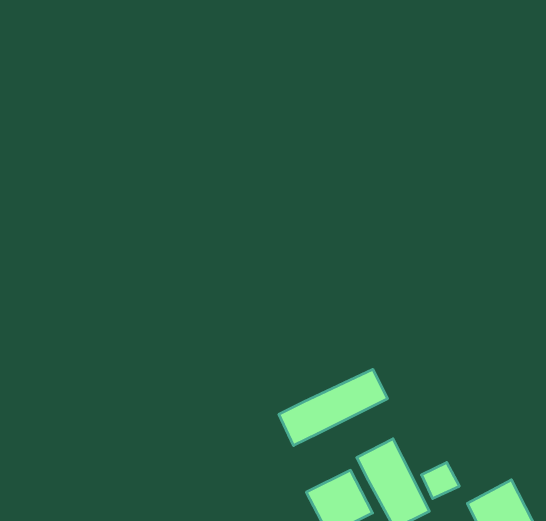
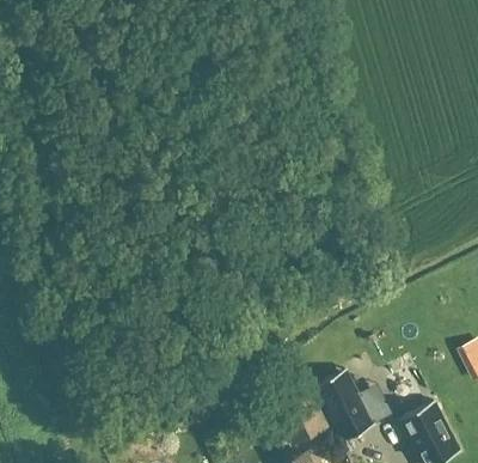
building: [279,369,387,446] -> none

